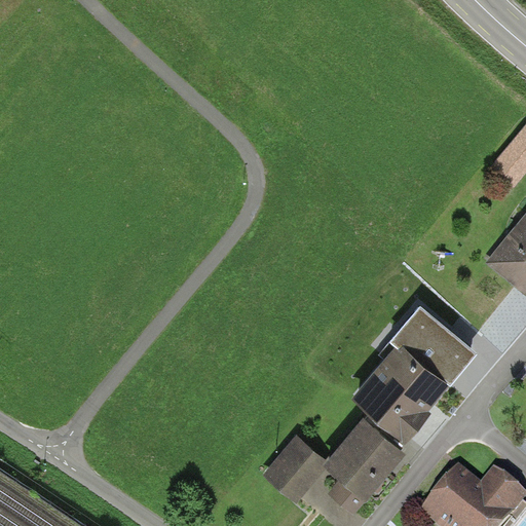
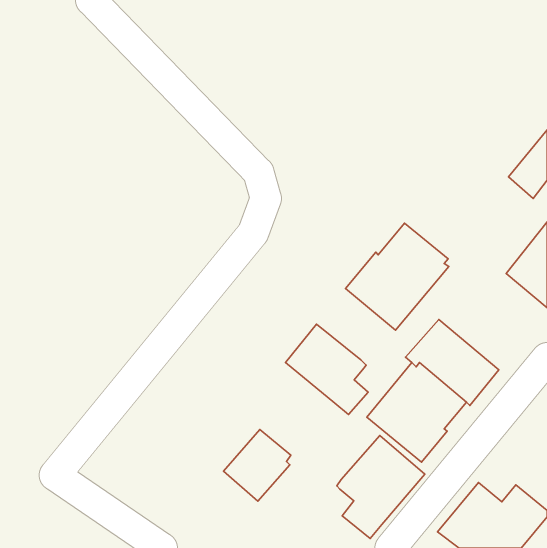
building: none -> [346,223,449,330]
building: none -> [285,324,368,415]
building: [262,435,327,503] -> [223,429,291,501]

